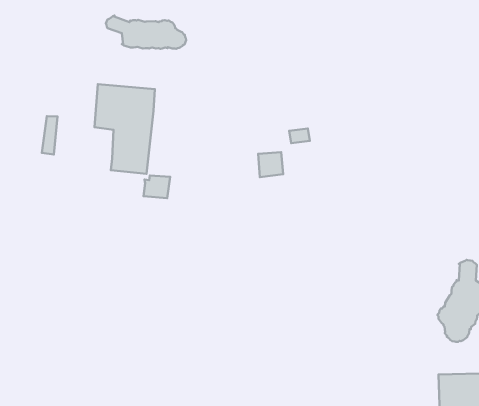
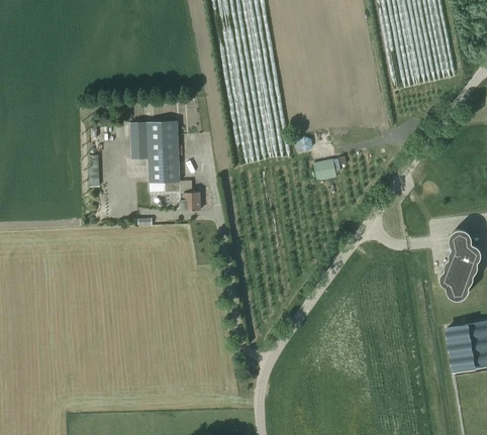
building: [106,16,186,49] -> none
building: [258,152,283,177] -> [314,158,337,182]

